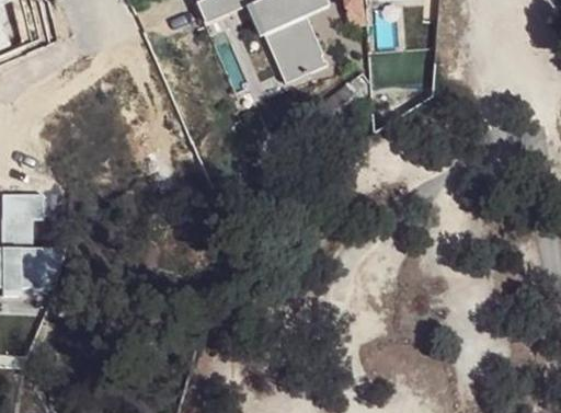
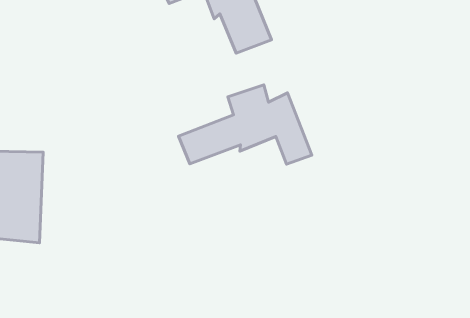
building: none -> [178,85,312,164]

